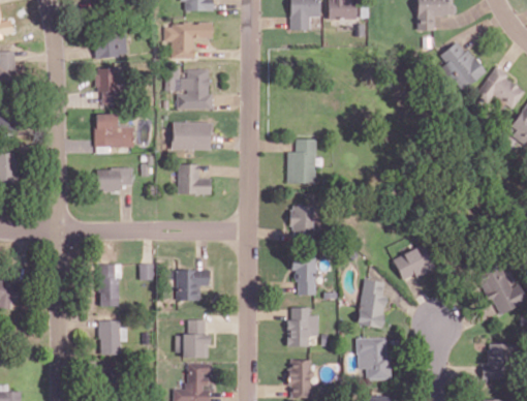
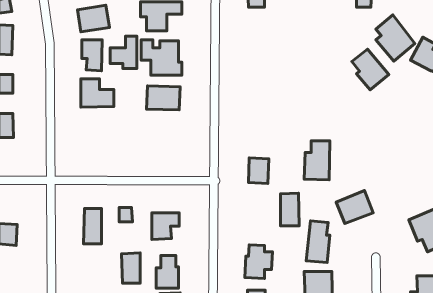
building: none -> [110,36,137,68]
building: none -> [352,49,389,90]
building: [287,138,317,184] -> [304,141,330,180]
building: [178,163,211,194] -> none
building: [96,167,132,191] -> none
building: [295,256,316,295] -> [281,193,299,226]
building: [98,319,120,354] -> [122,253,140,283]

